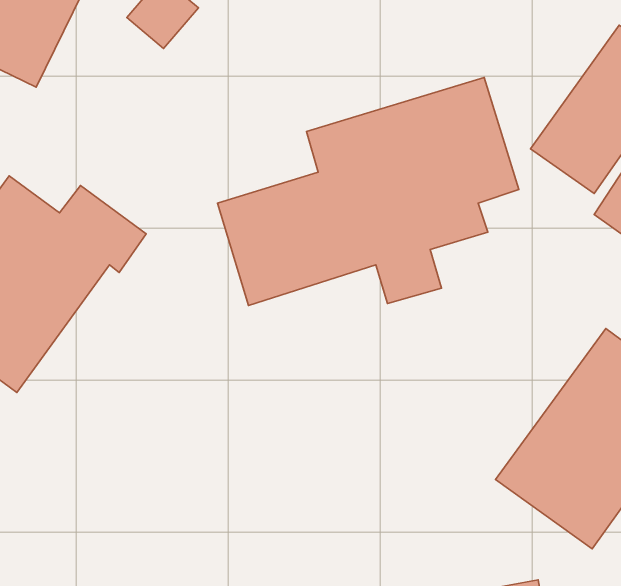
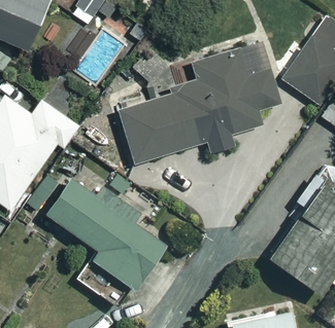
building: none -> [35,172,165,307]

